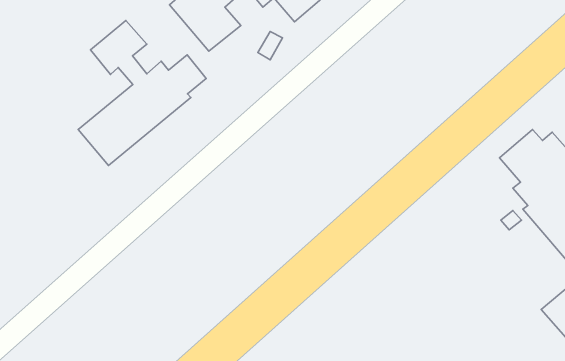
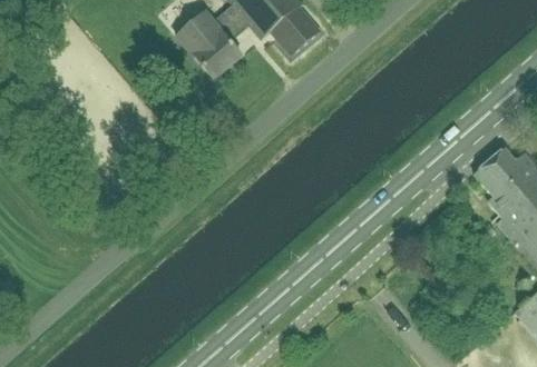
building: [78,20,206,166] -> none

